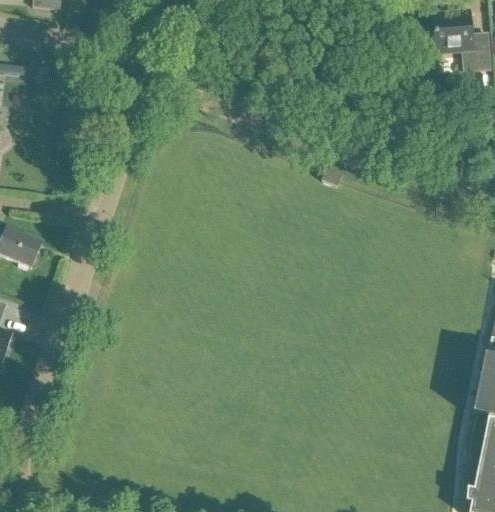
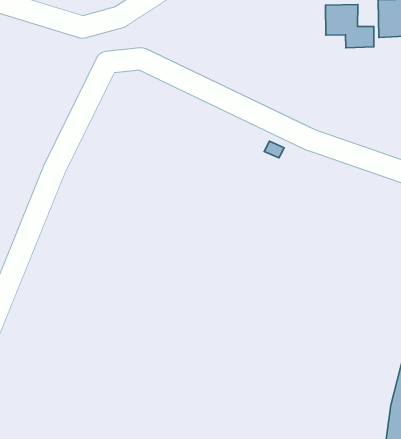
building: none -> [326,4,374,48]

